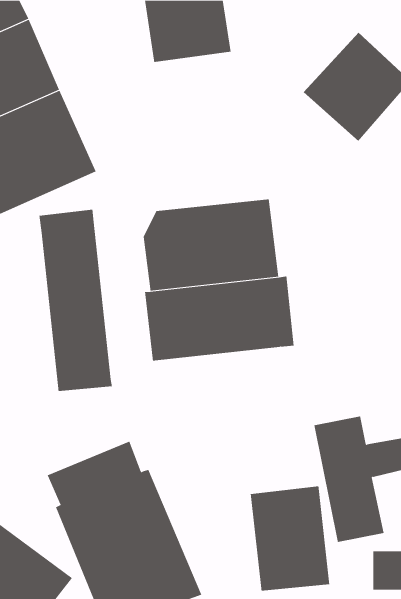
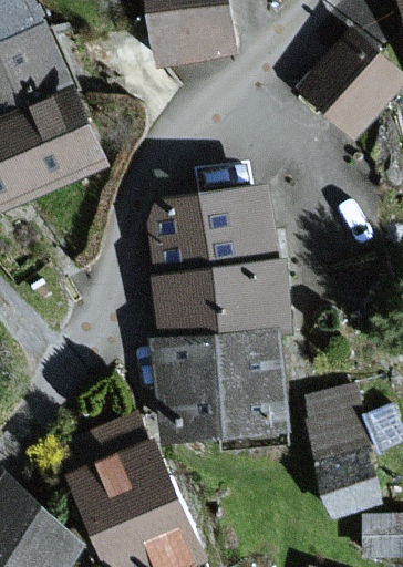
building: [39,209,113,392] -> none
building: none -> [152,326,288,440]
building: [250,485,330,591] -> none

